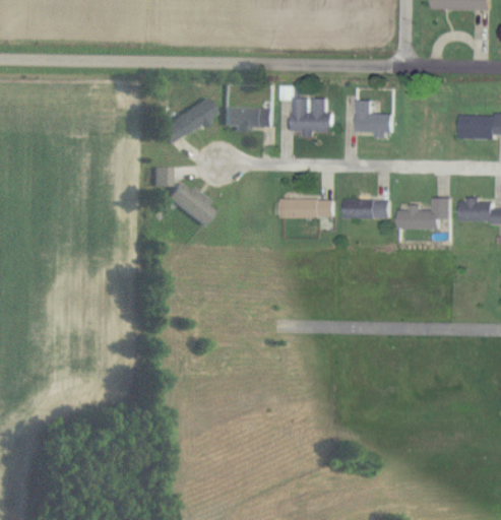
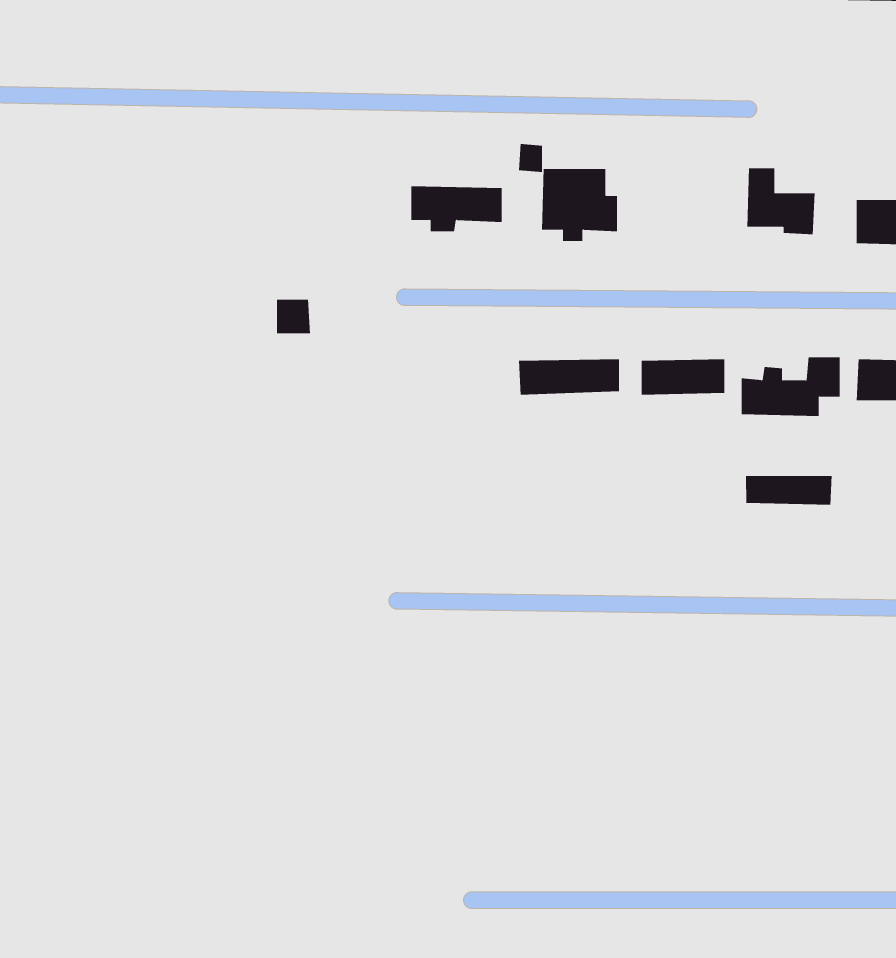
building: [156,98,214,143] -> none
building: [355,101,391,136] -> [746,168,815,235]
building: [163,182,211,226] -> none
building: none -> [745,475,832,505]

